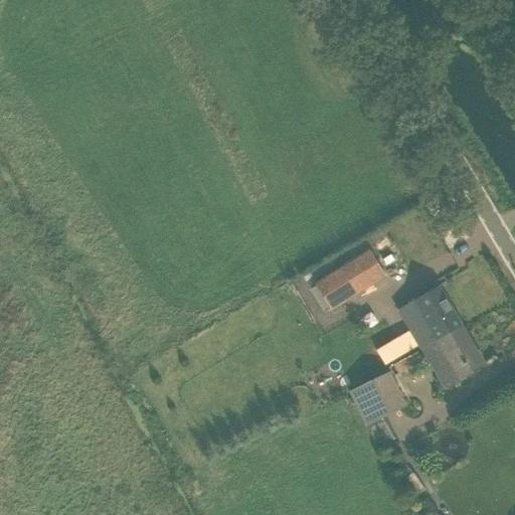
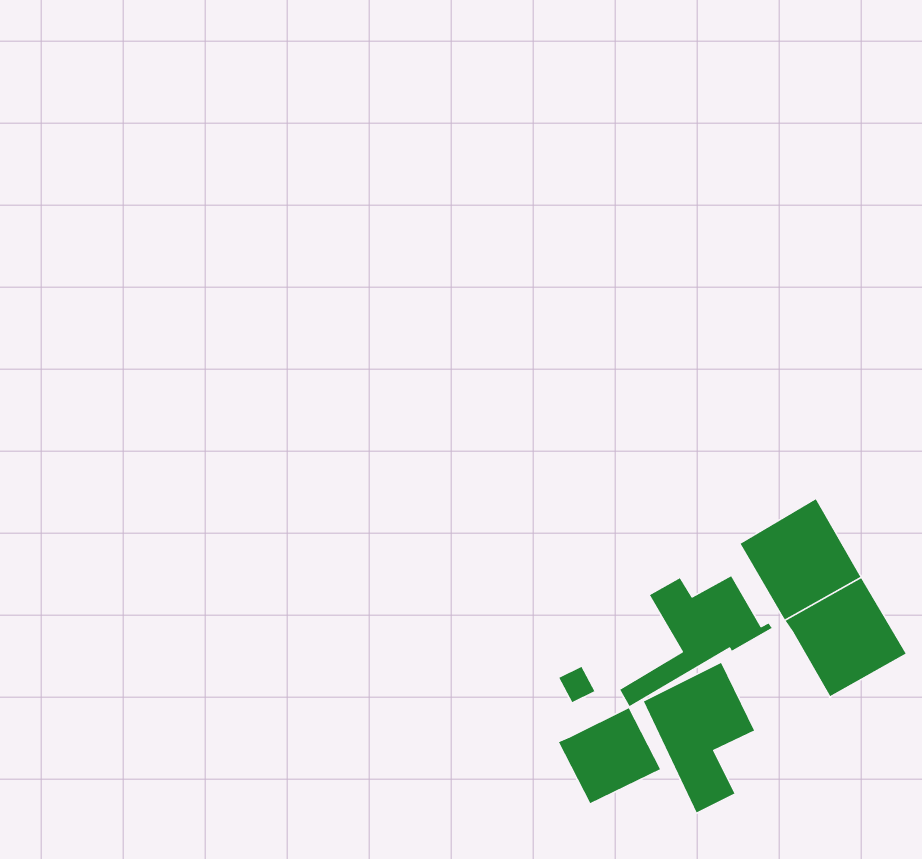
building: [318,250,383,306] -> none
building: none -> [558,707,661,804]

